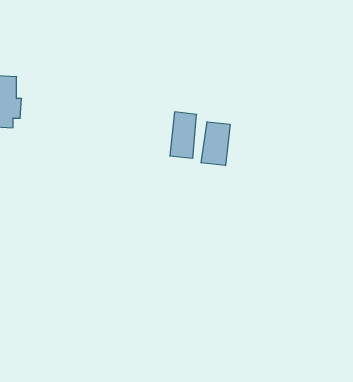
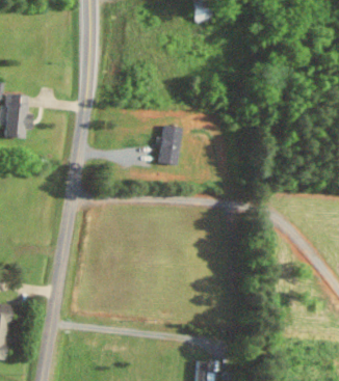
building: [201,122,230,166] -> none

